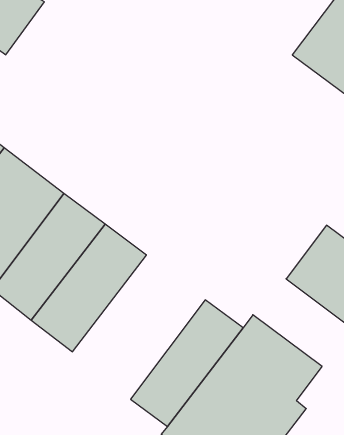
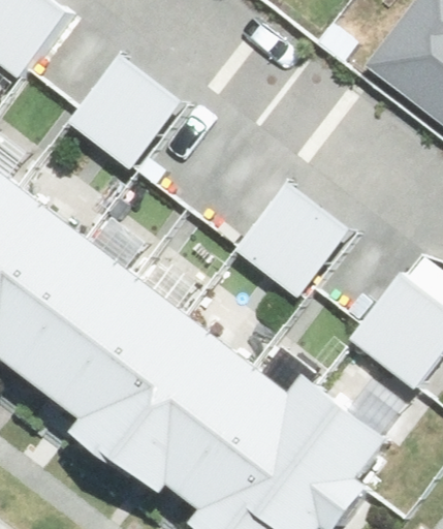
building: none -> [69,58,181,168]
building: none -> [236,186,348,297]
building: none -> [87,311,253,492]

